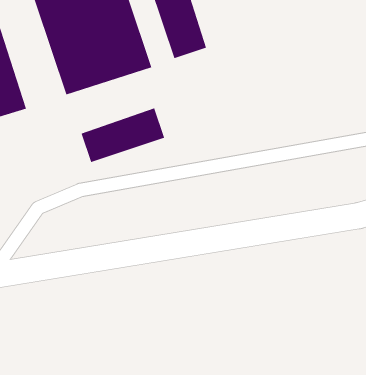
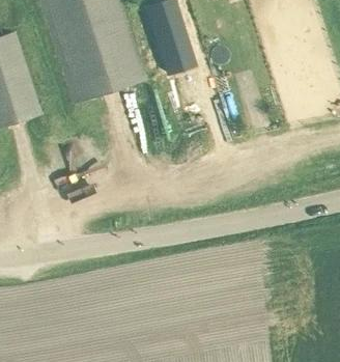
building: [81,108,165,163] -> none

